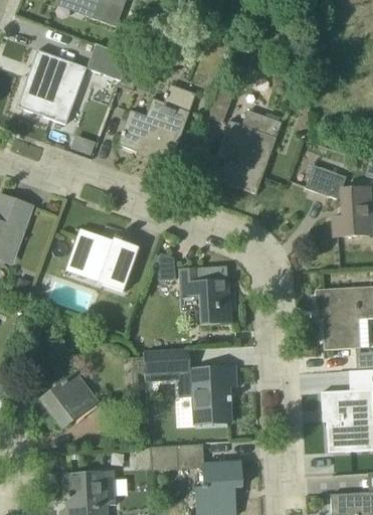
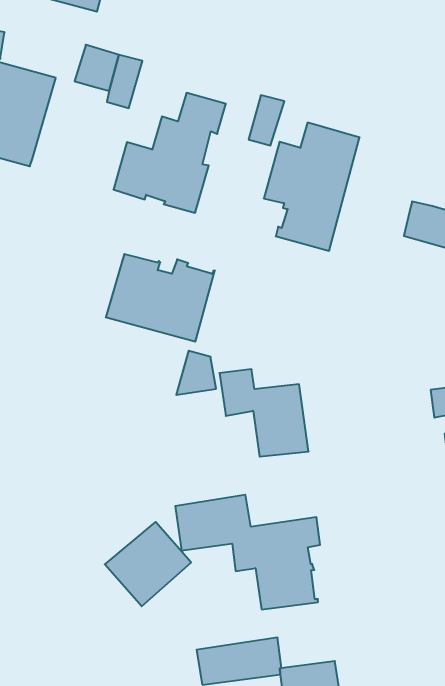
building: [64,229,138,290] -> [106,254,215,342]
building: [39,373,96,427] -> [105,522,191,606]

